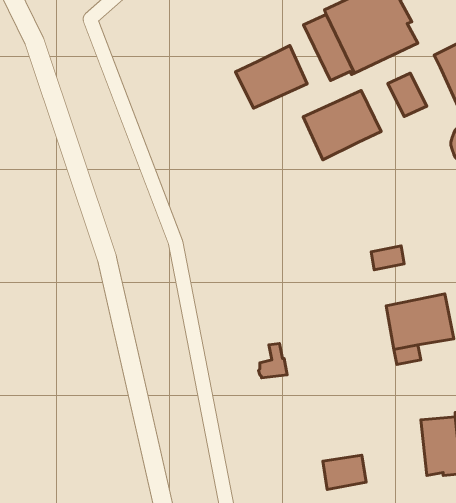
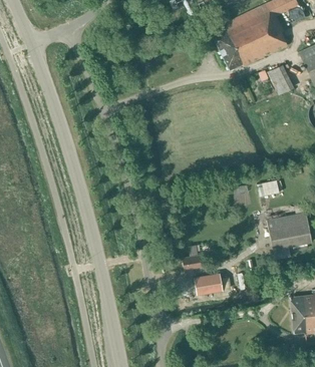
building: [236,46,307,108] -> none
building: [303,91,381,160] -> none
building: [323,455,366,490] -> [195,272,224,295]

